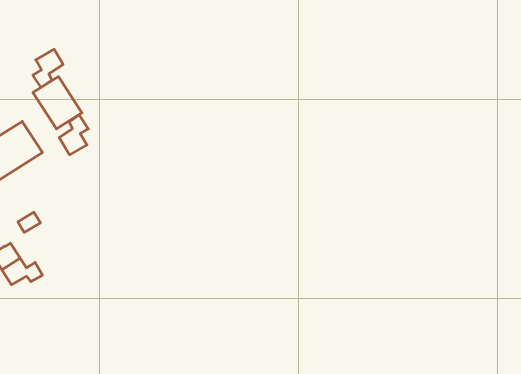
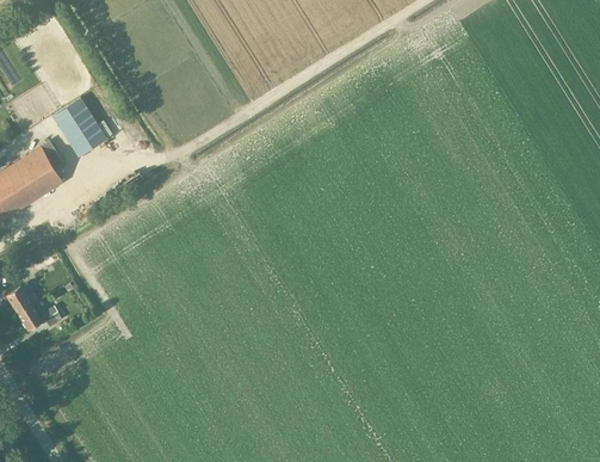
building: [33,49,63,87] -> none
building: [59,115,88,155] -> none

